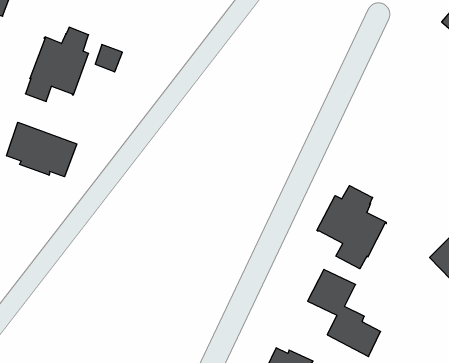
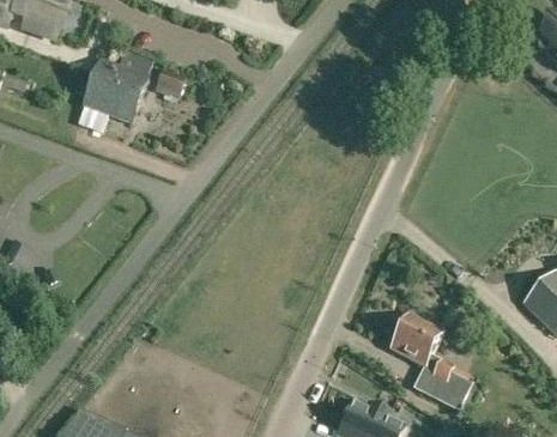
building: [7,122,77,177] -> none
building: [317,186,386,269] -> none

